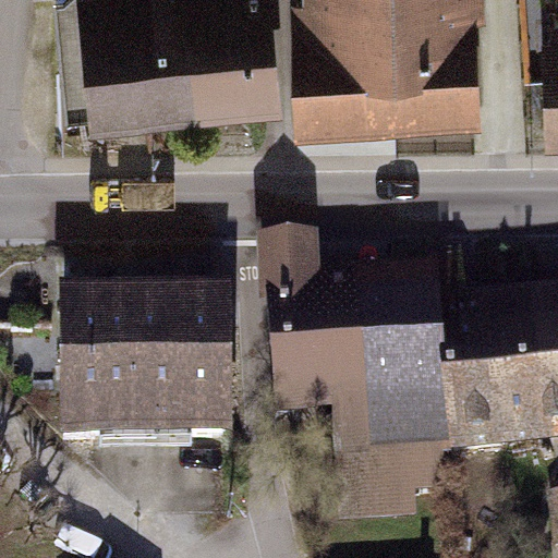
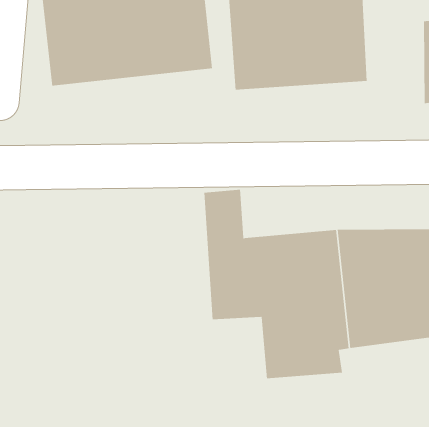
building: [66,292,231,435] -> none

